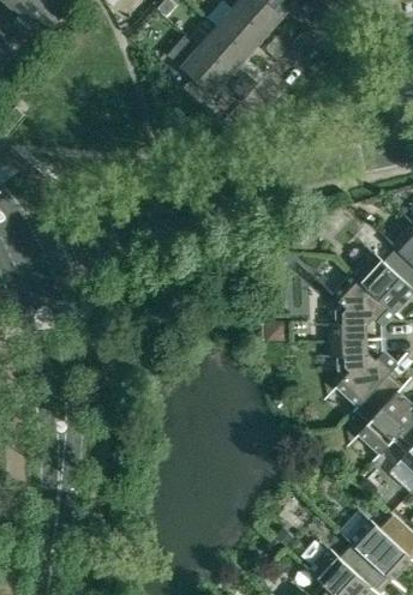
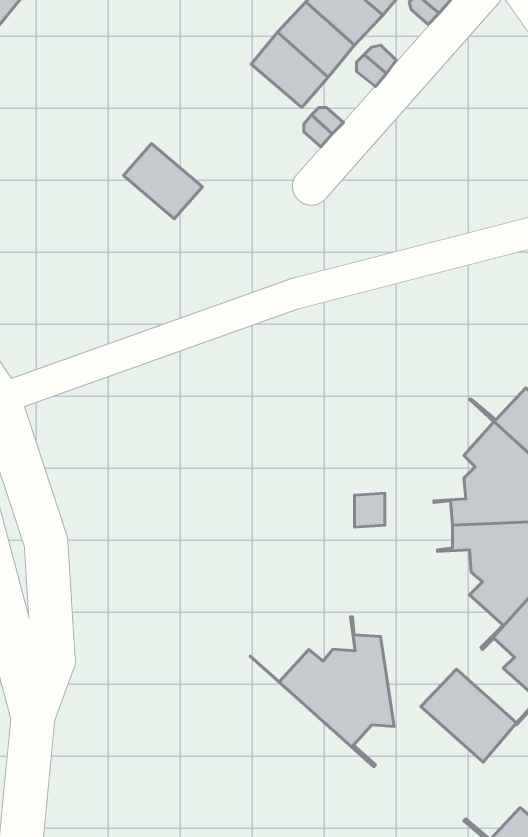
building: [180,47,231,95] -> [123,144,202,219]
building: none -> [250,617,394,767]
building: none -> [421,669,516,762]

